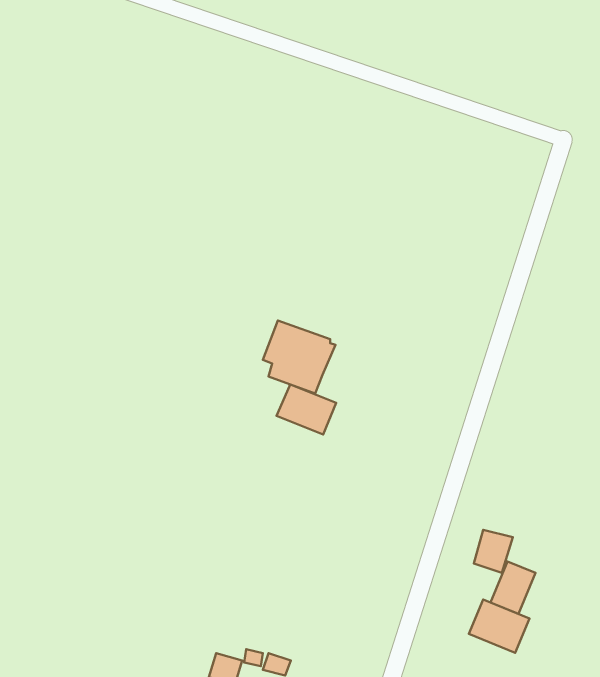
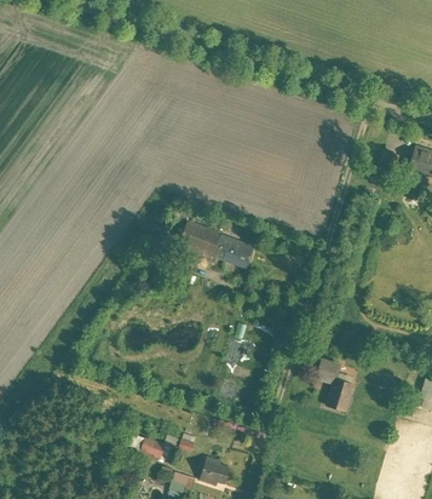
building: [276,384,336,435] -> [217,235,255,268]
building: [469,600,529,653] -> none

